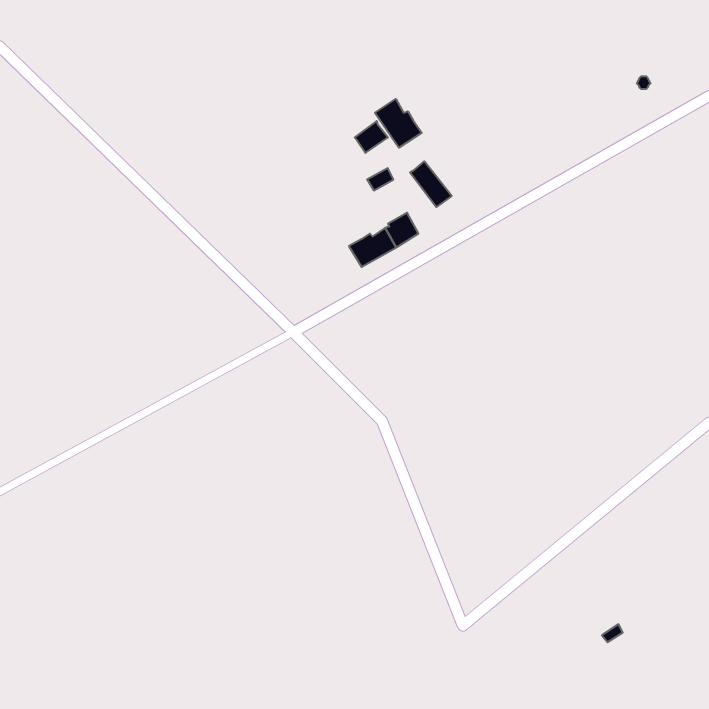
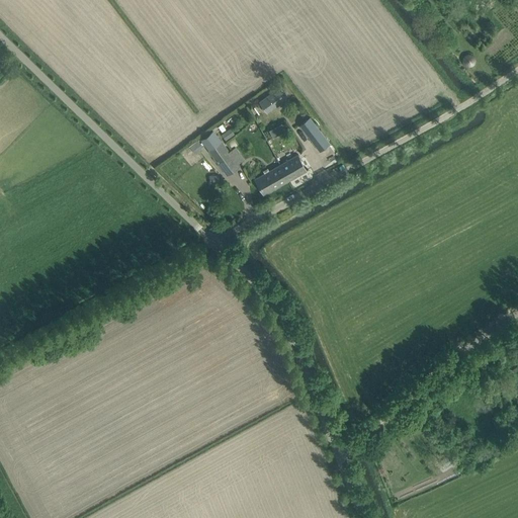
building: [375,99,422,148] -> none
building: none -> [208,142,240,176]

